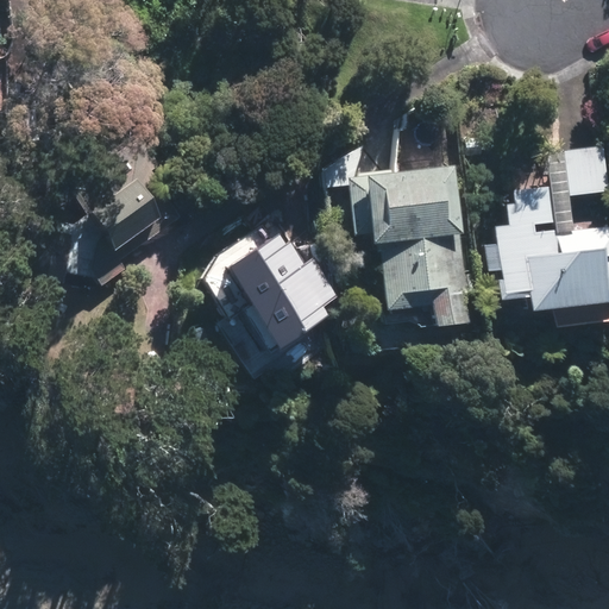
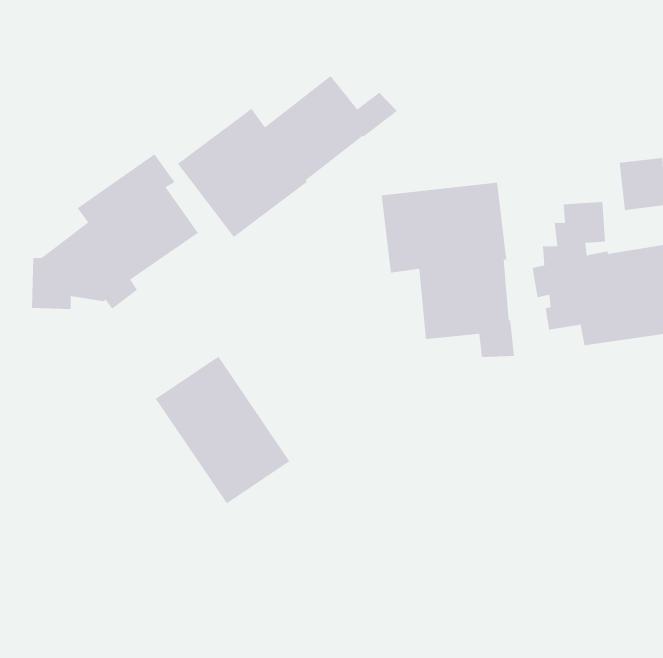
building: none -> [177,75,398,238]
building: [206,224,329,359] -> [155,356,290,504]

